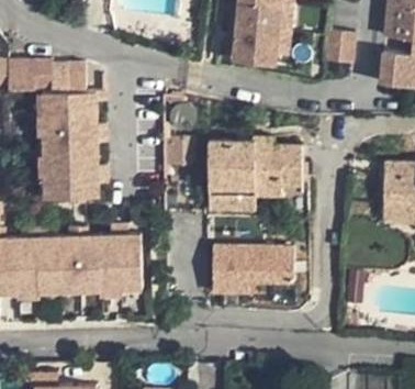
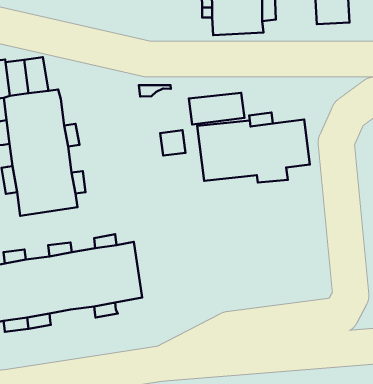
building: [209,188,255,211] -> [189,93,245,125]
building: [210,247,292,293] -> none

